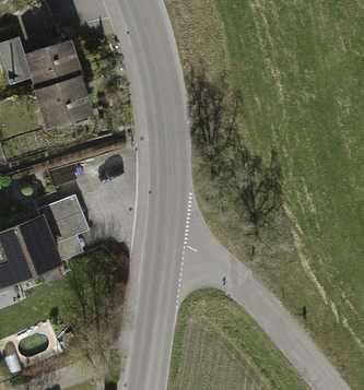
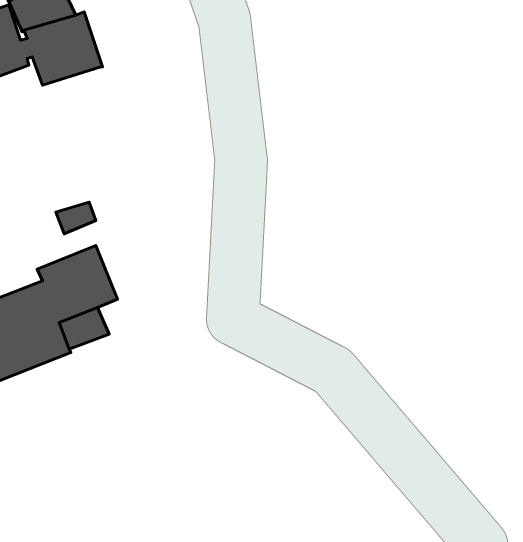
building: [38,76,89,125] -> none

